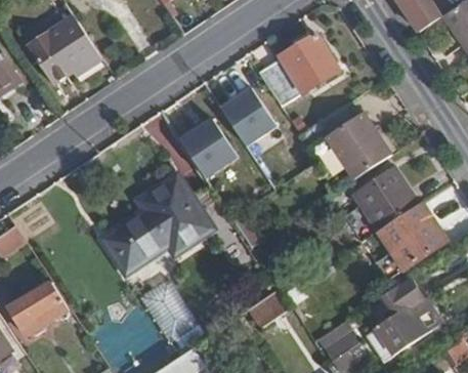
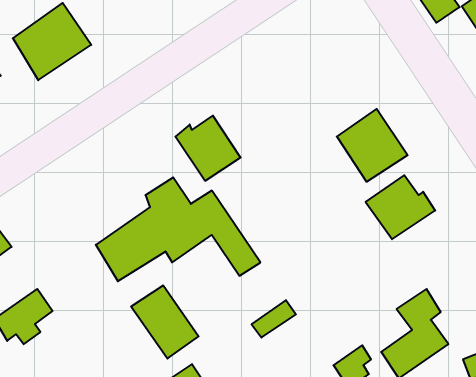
building: [261,33,343,109] -> none
building: [221,86,279,147] -> none
building: [378,204,446,272] -> none

